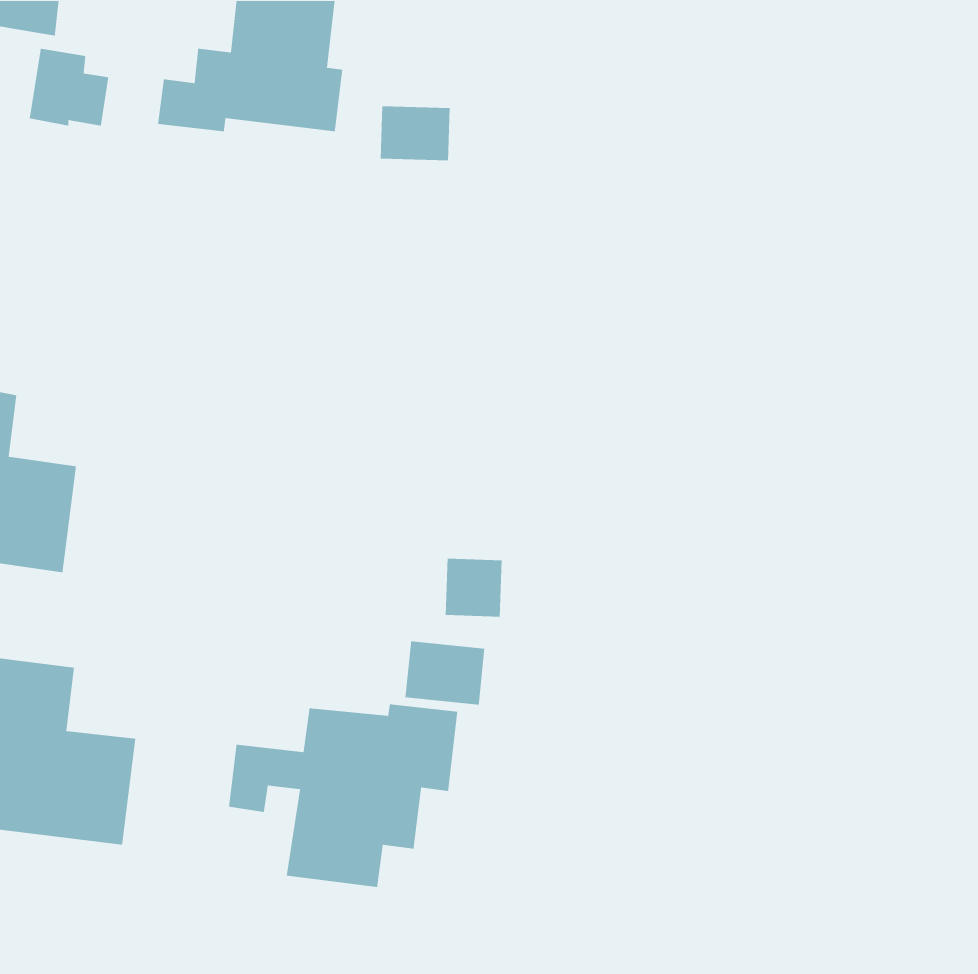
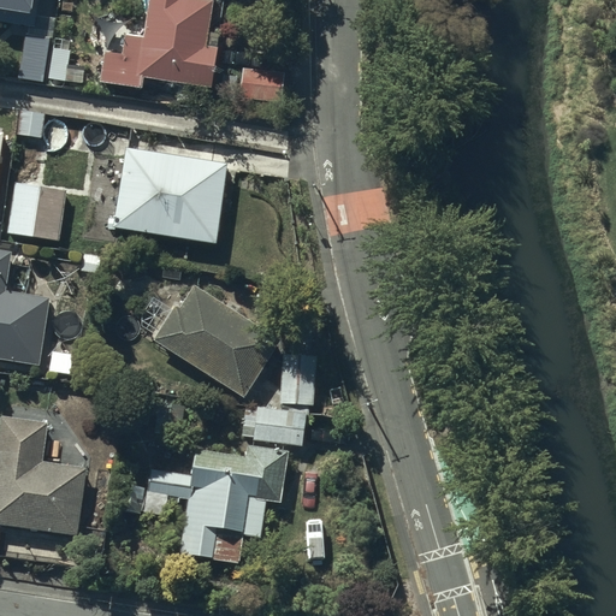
building: none -> [112,147,235,243]
building: none -> [6,184,64,242]
building: none -> [153,284,282,398]

